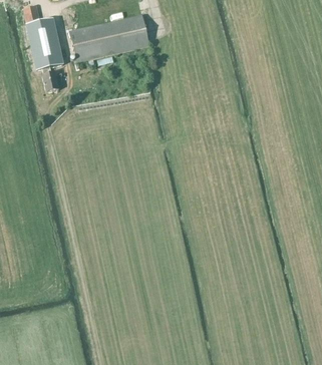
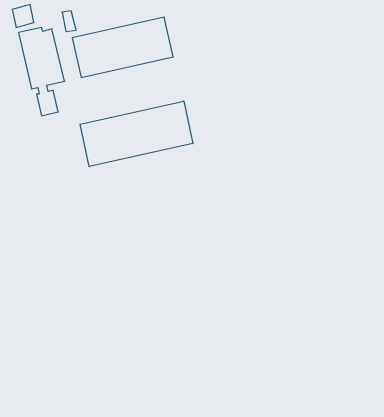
building: none -> [80,101,193,167]

